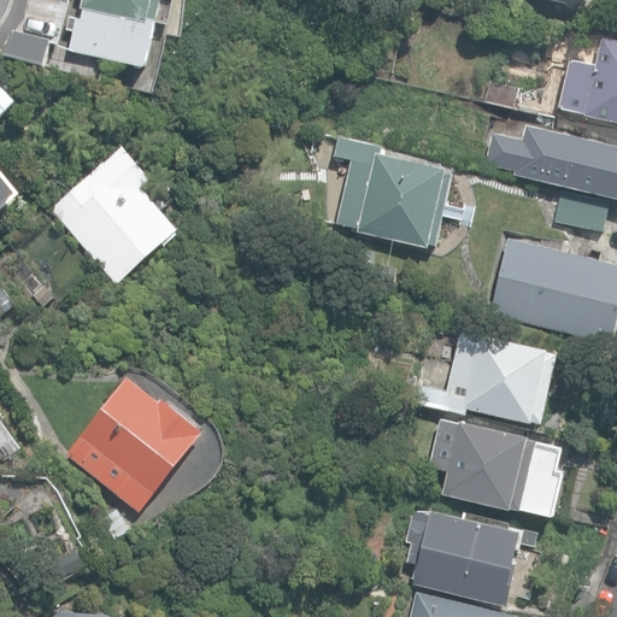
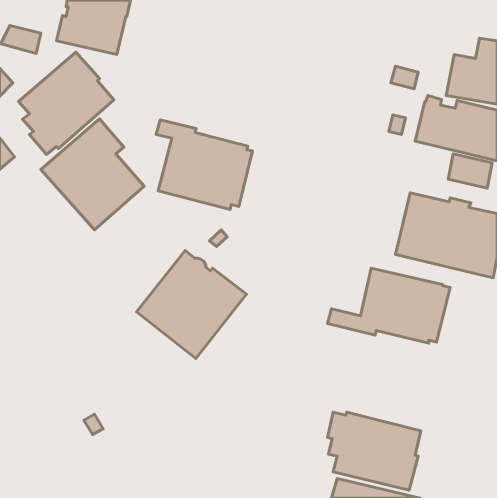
building: none -> [19,52,114,155]
building: [333,137,452,248] -> [156,120,253,209]
building: [66,377,202,511] -> [137,250,247,359]
building: [429,418,562,517] -> none

